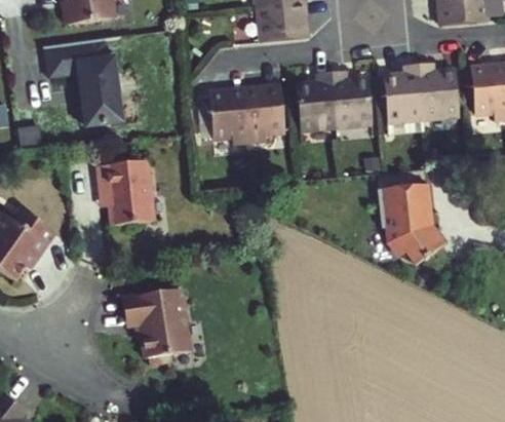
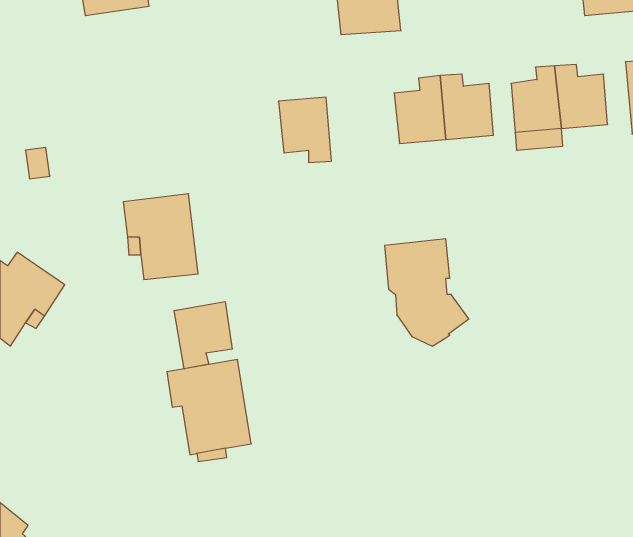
building: [43,41,117,128] -> none
building: [247,85,285,137] -> none
building: [380,184,443,265] -> [385,239,469,346]
building: none -> [174,302,232,369]

